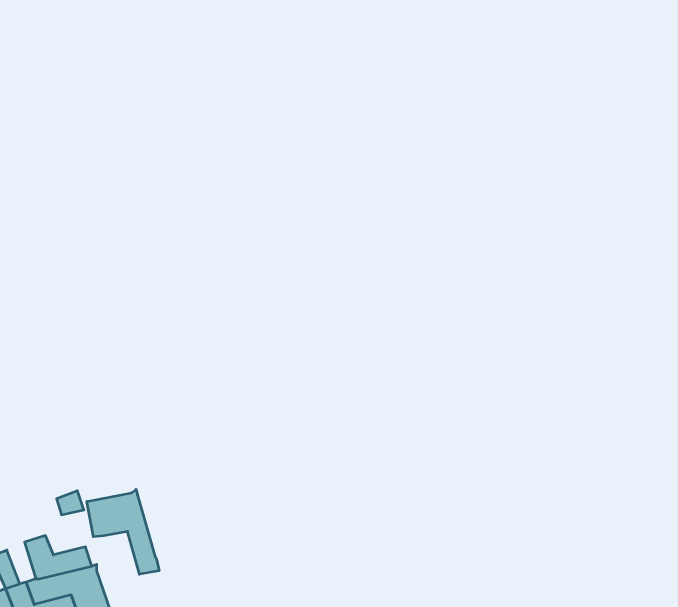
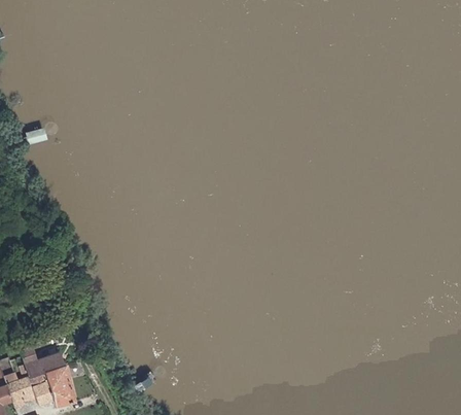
building: [87,489,159,574] -> none

